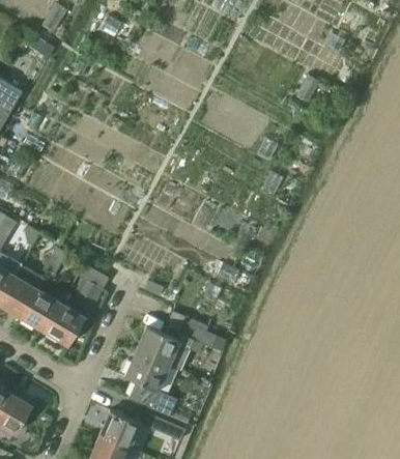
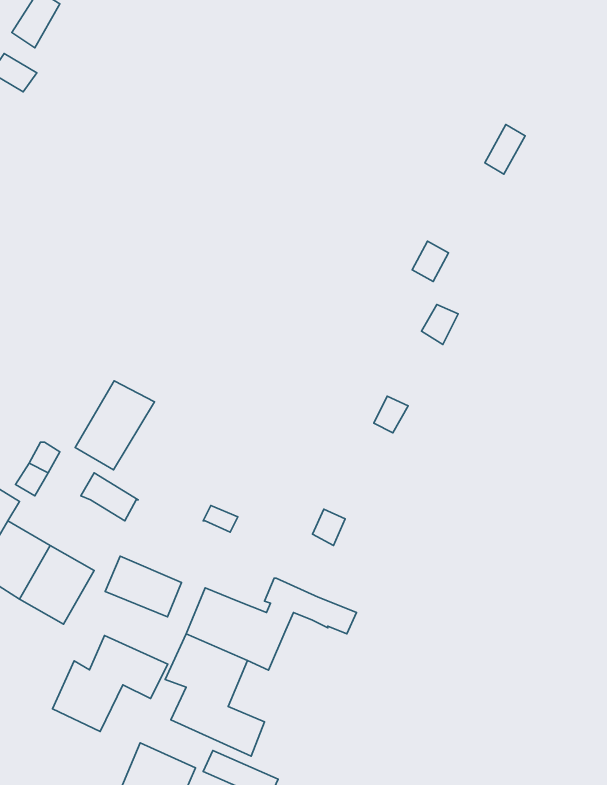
building: none -> [75,381,154,470]
building: none -> [105,556,181,617]
building: none -> [53,635,168,731]

